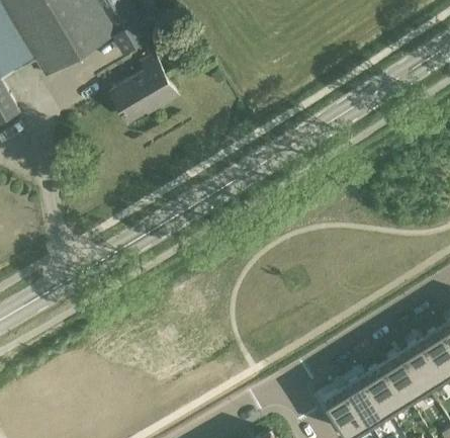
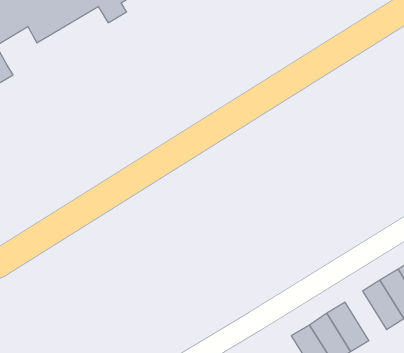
building: [109,55,175,119] -> none
building: [384,350,430,405] -> none

